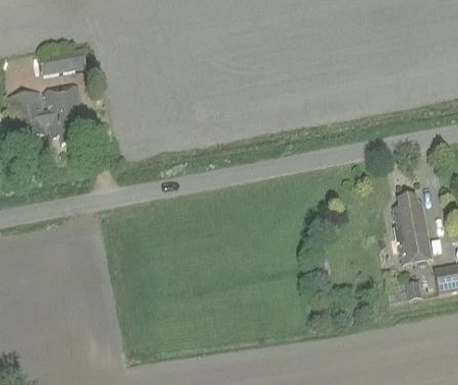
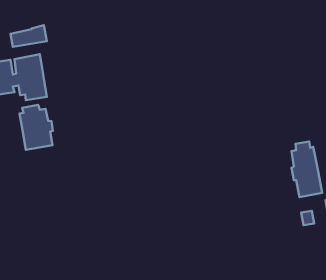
building: none -> [20,105,53,150]

